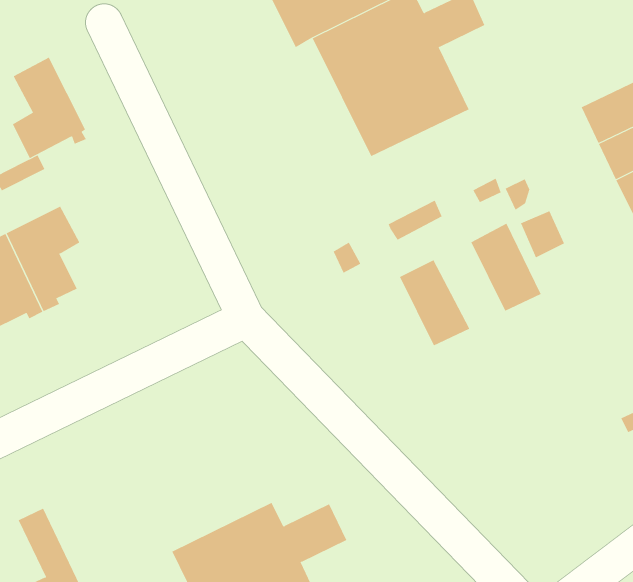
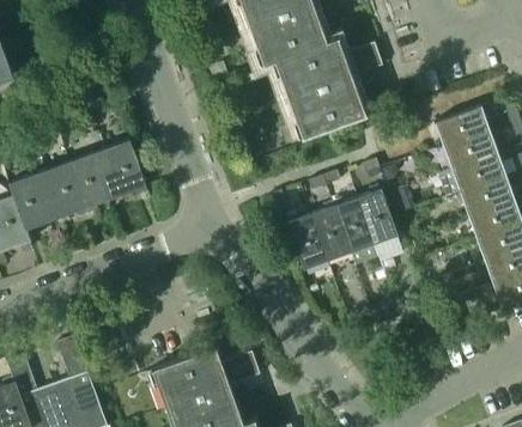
building: [12,57,87,159] -> [101,139,146,201]
building: none -> [333,199,374,252]
building: none -> [286,215,327,270]

